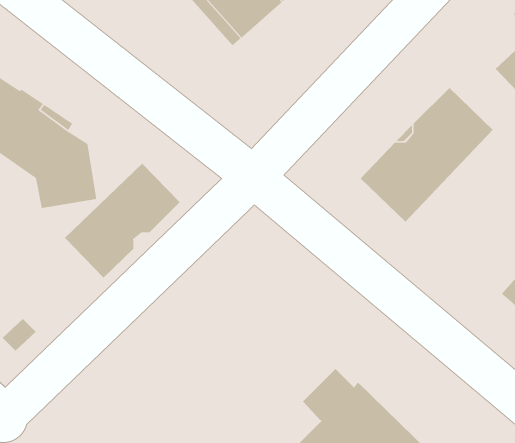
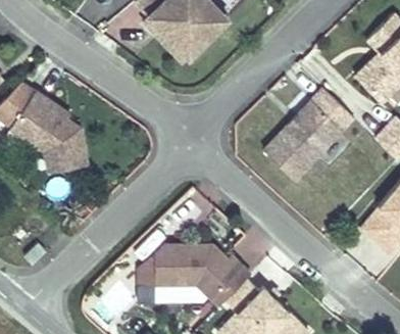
building: [64,163,180,278] -> none
building: none -> [139,244,250,305]

